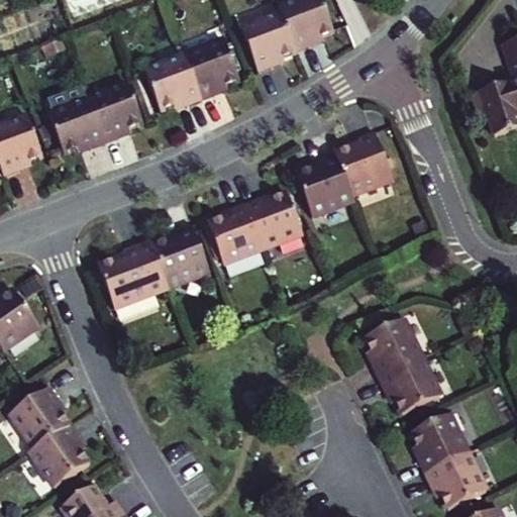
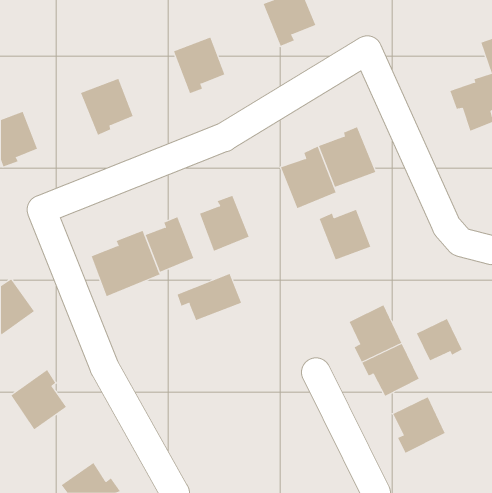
building: [240,9,295,71] -> none
building: [143,54,200,109] -> none
building: [46,97,104,152] -> none
building: [245,194,300,247] -> [319,209,371,260]
building: none -> [177,273,242,321]
building: none -> [416,318,463,361]
building: [33,425,92,488] -> none
building: [425,452,487,509] -> none

